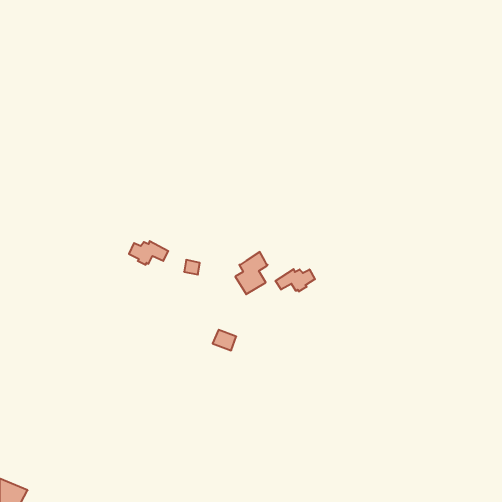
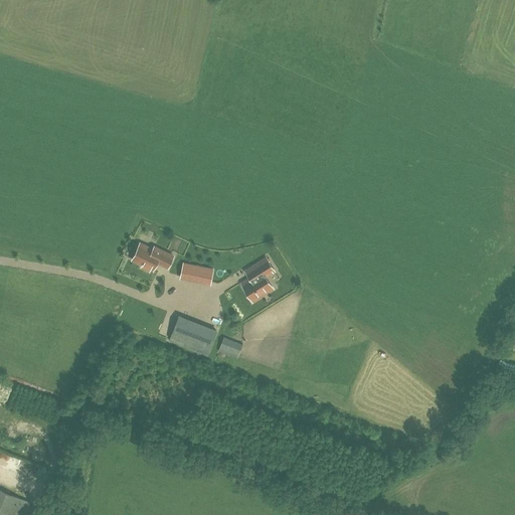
building: [276,269,315,292] -> none
building: none -> [169,317,215,354]

